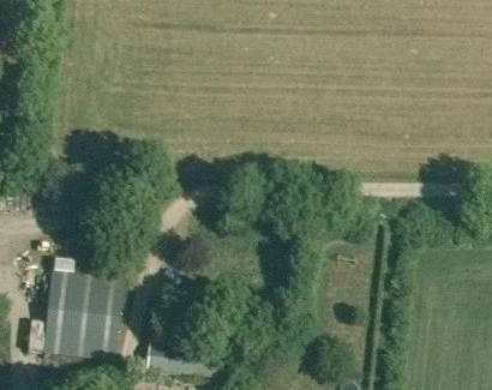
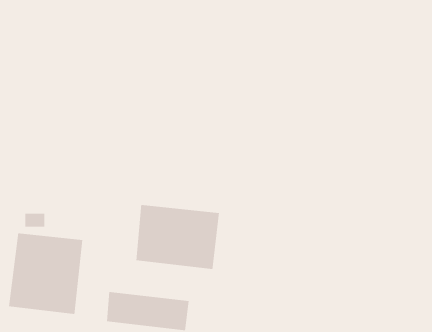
building: none -> [136,204,220,270]

